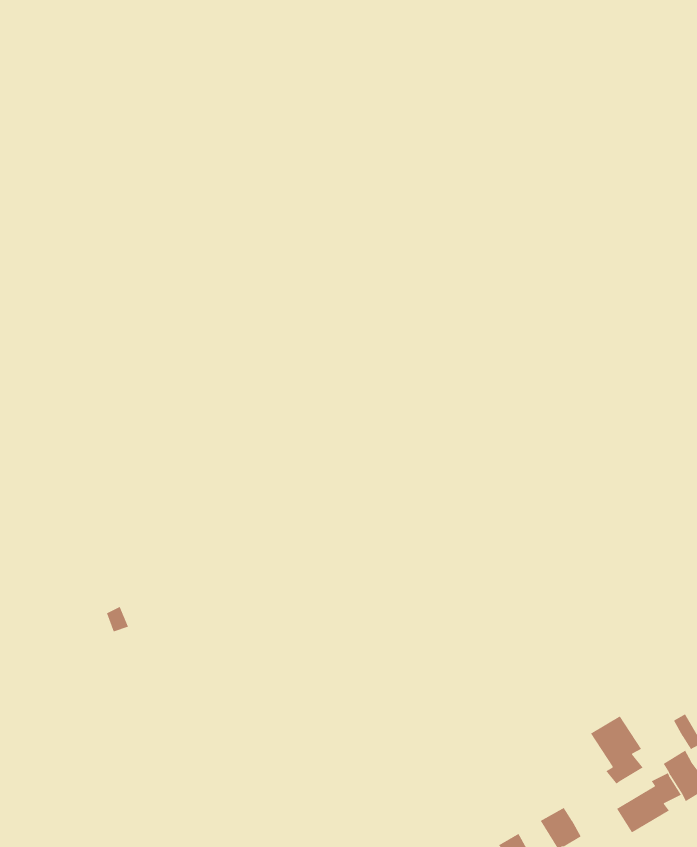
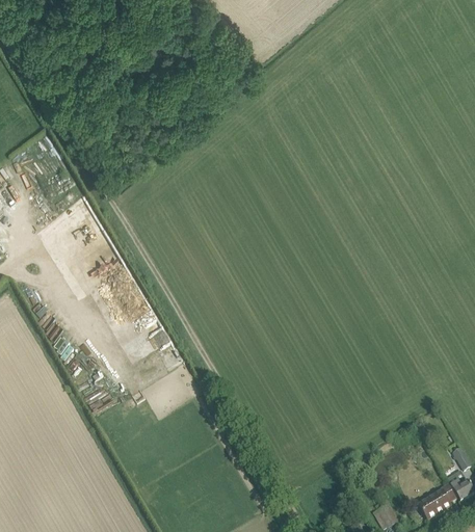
building: [590,716,644,785] -> none

